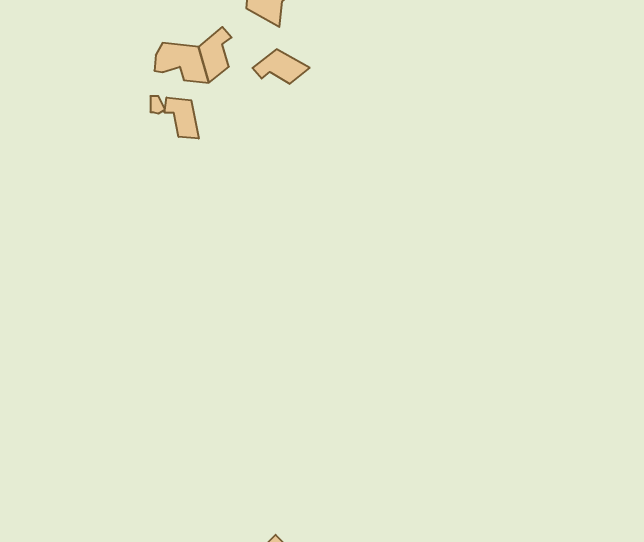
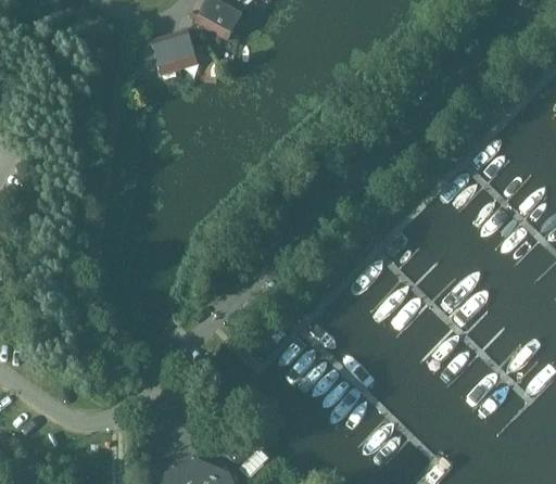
building: [252,49,310,84] -> [187,11,233,39]
building: [165,97,199,139] -> none

